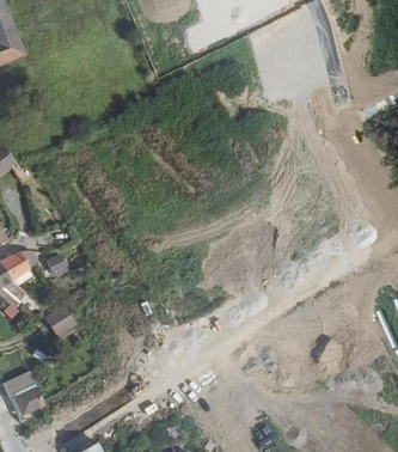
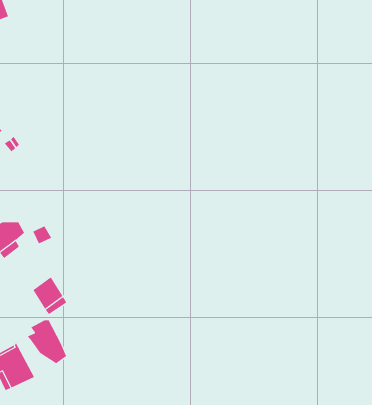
building: none -> [27,320,67,364]

